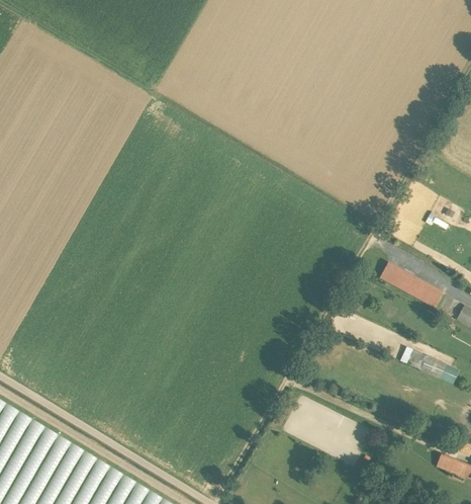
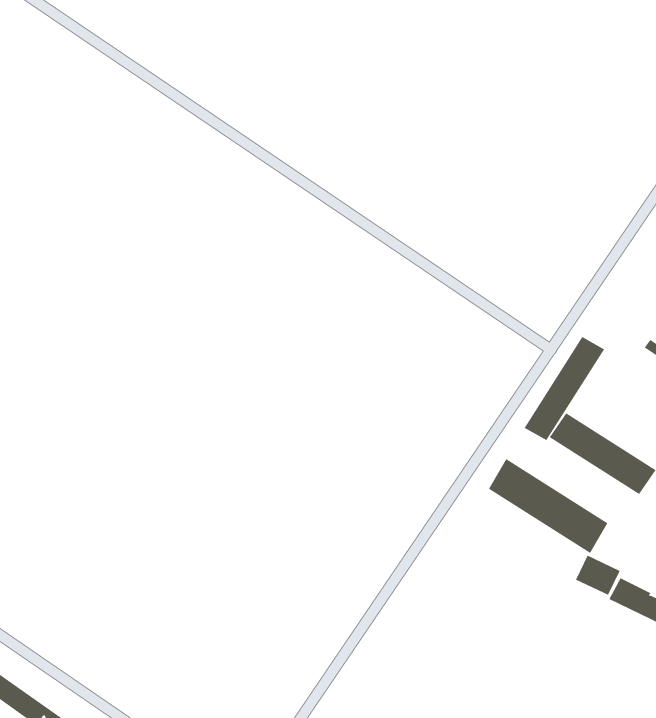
building: none -> [524,336,605,441]
building: none -> [488,458,608,554]

